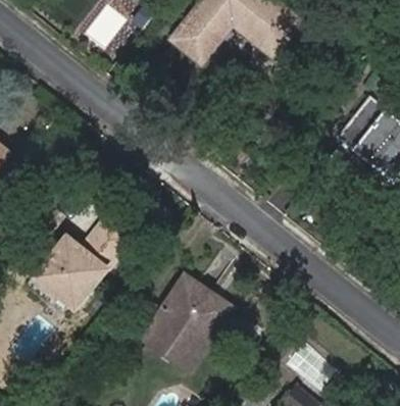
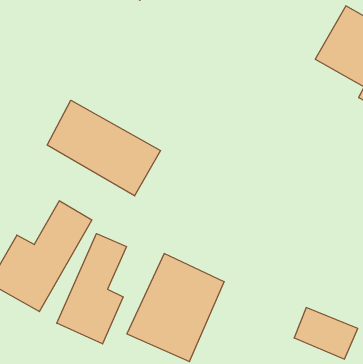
building: none -> [47,100,161,196]
building: none -> [57,234,127,344]

